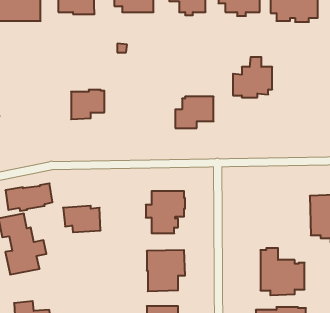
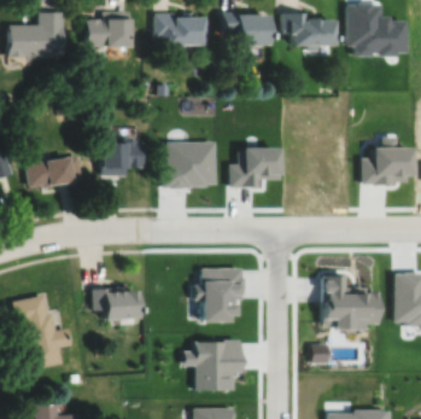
building: [233,57,272,97] -> [362,138,410,187]
building: none -> [160,142,214,190]
building: [5,183,53,211] -> [25,156,83,190]
building: [260,248,305,295] -> [321,270,375,328]

